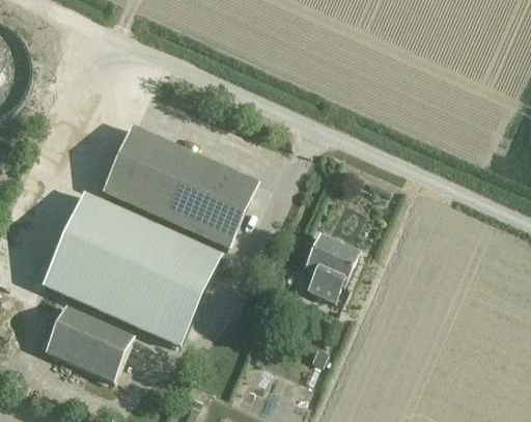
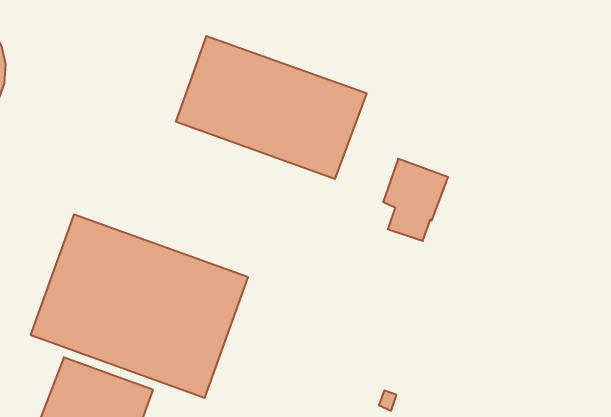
building: [104,126,256,247] -> [176,36,367,179]
building: [305,234,358,301] -> [383,159,448,241]

